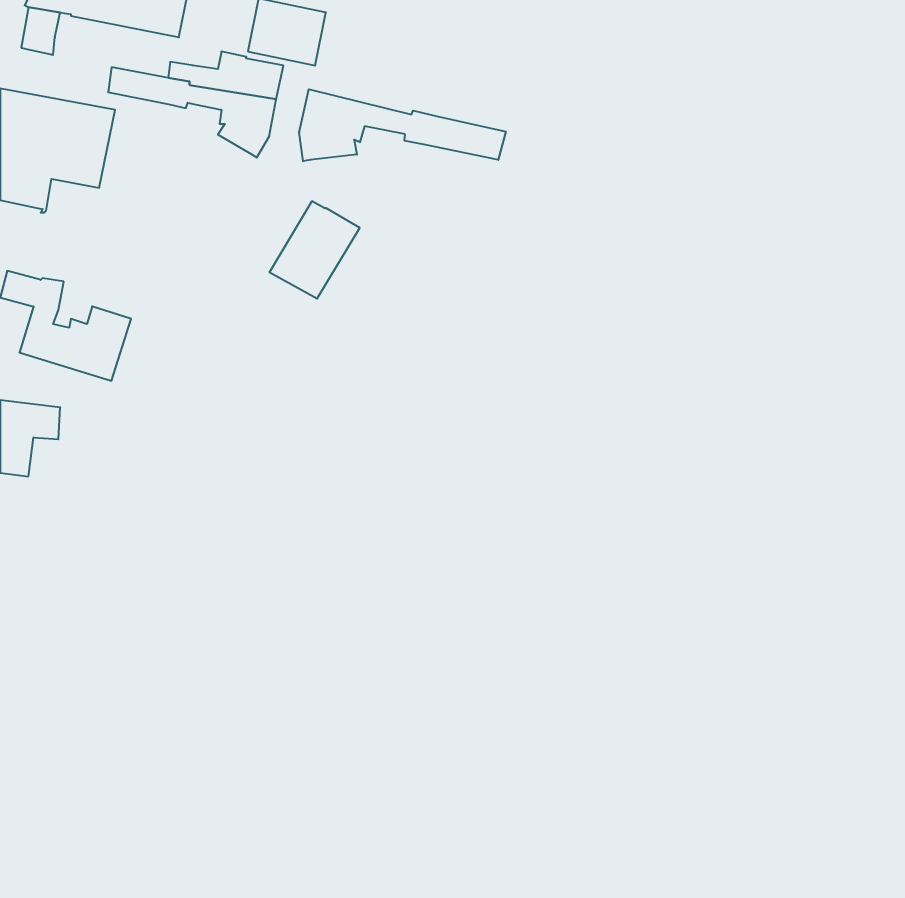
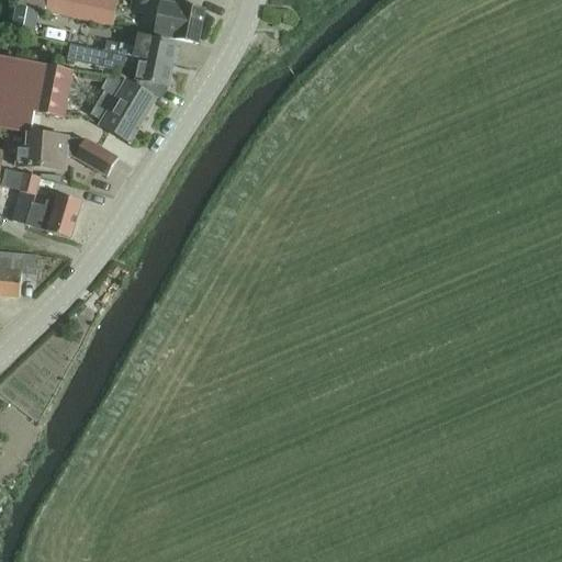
building: [299,89,506,161] -> none
building: [269,201,360,299] -> [100,79,156,139]
building: none -> [14,131,117,173]

